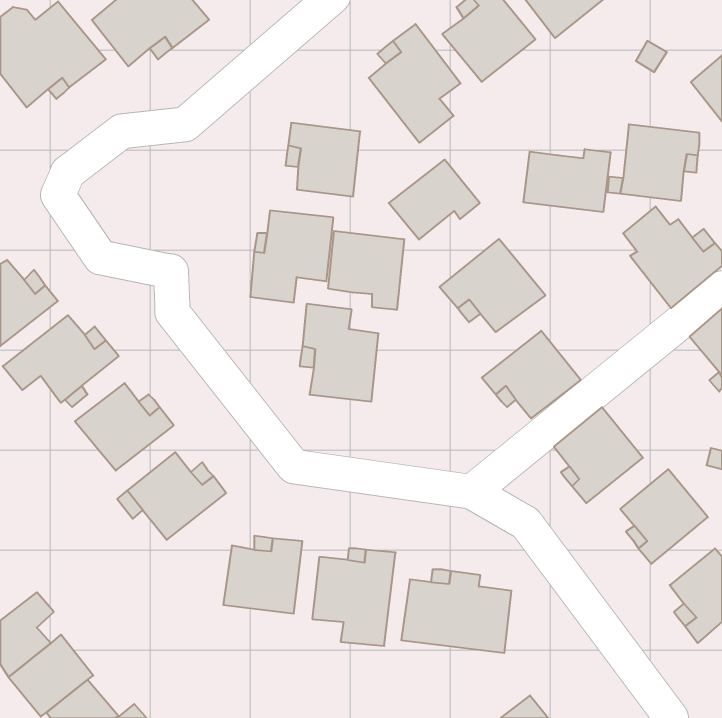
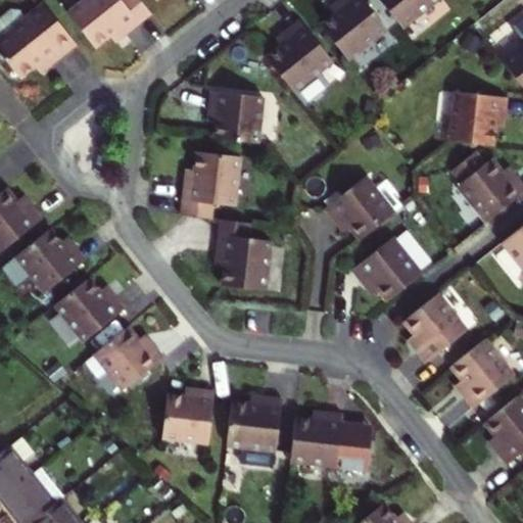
building: [524,149,610,212] -> none
building: [389,160,480,240] -> none
building: [328,231,404,310] -> none

